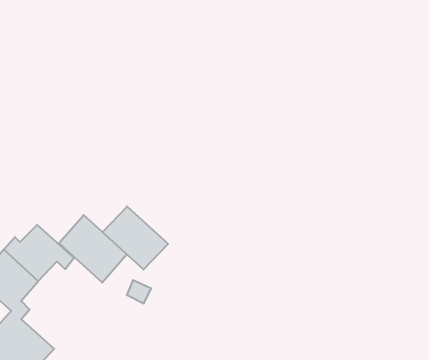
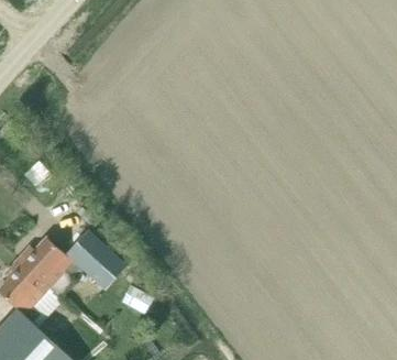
building: [102,206,168,270] -> none

